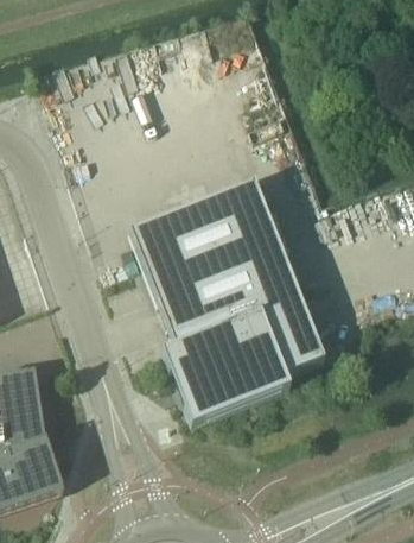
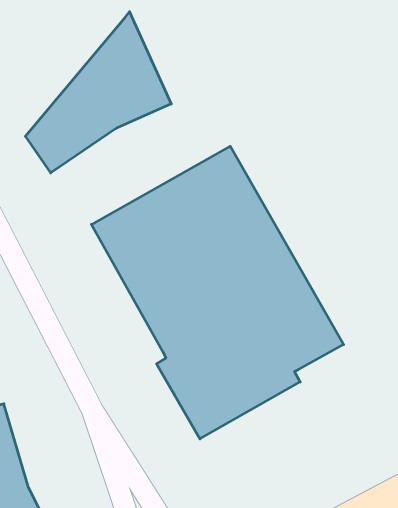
building: none -> [25,12,171,173]

